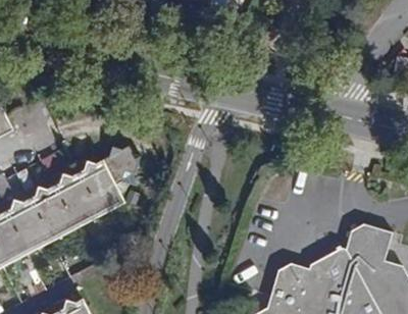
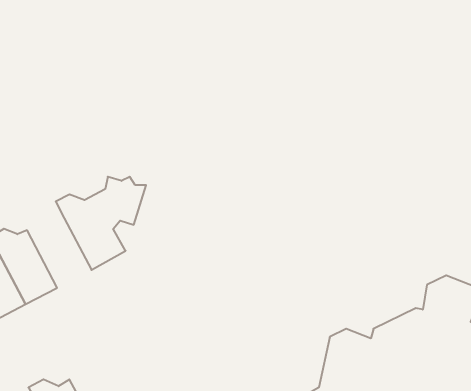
building: [49,173,101,229] -> none

